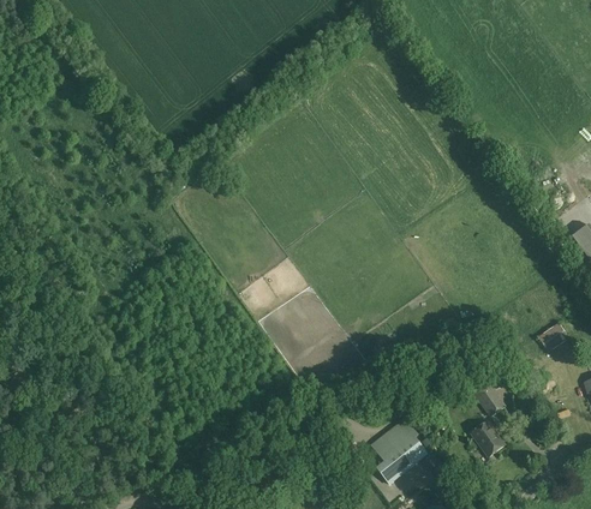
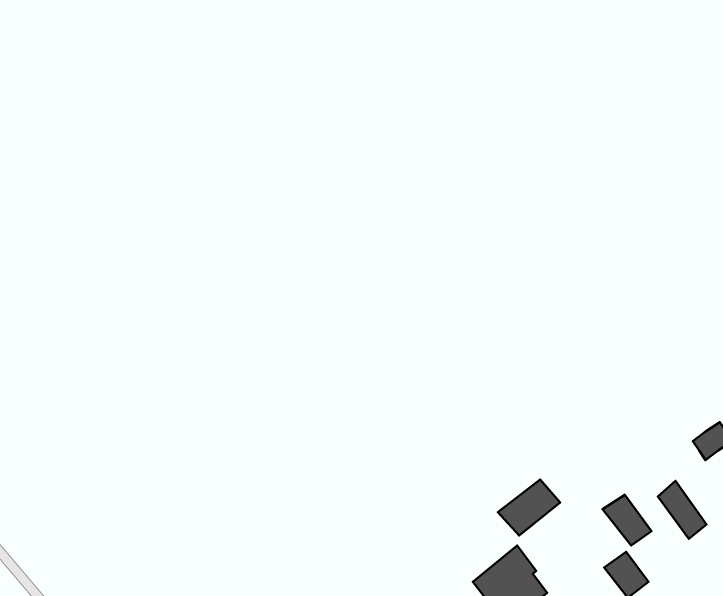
building: none -> [498,480,560,535]
building: none -> [658,481,706,539]

